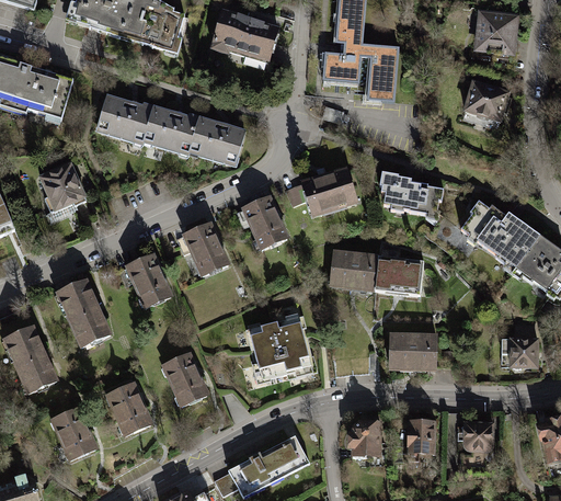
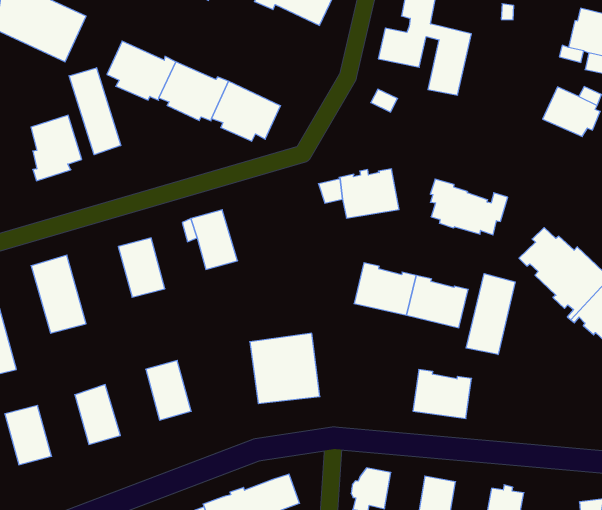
building: none -> [69,68,121,155]
building: [244,197,287,249] -> none
building: none -> [466,274,515,355]
building: [502,339,538,371] -> none

